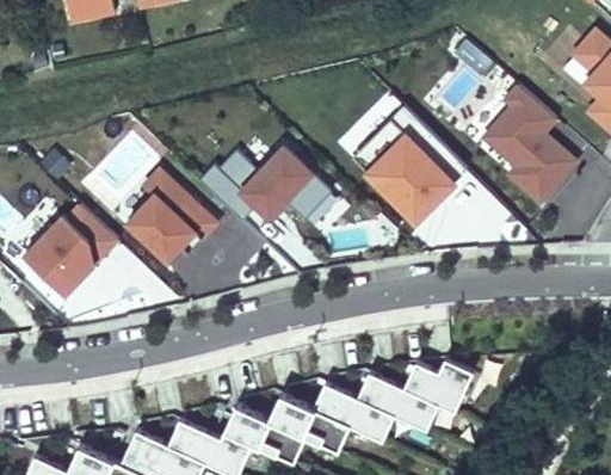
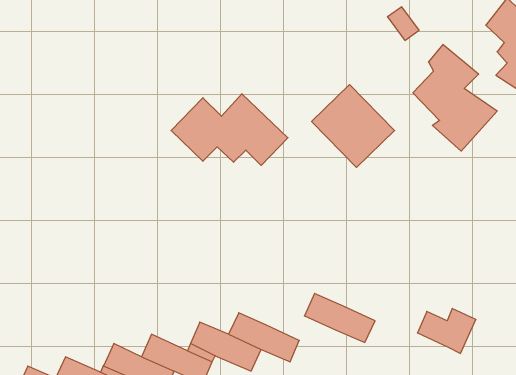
building: [124,171,211,270] -> none
building: [24,204,119,302] -> none
building: [403,358,471,411] -> [417,308,476,353]
building: [313,382,394,439] -> none

